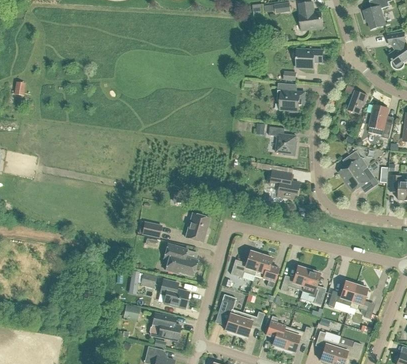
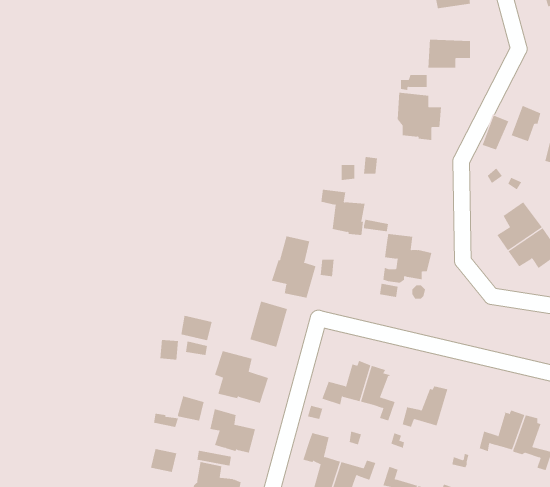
building: [269,126,297,155] -> [320,189,365,236]
building: none -> [271,235,316,299]
building: [302,267,325,304] -> none

